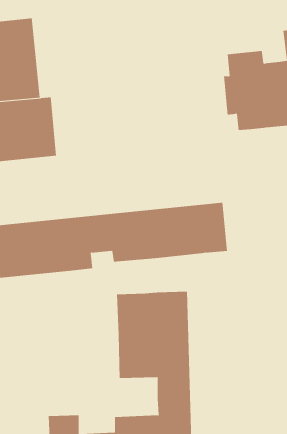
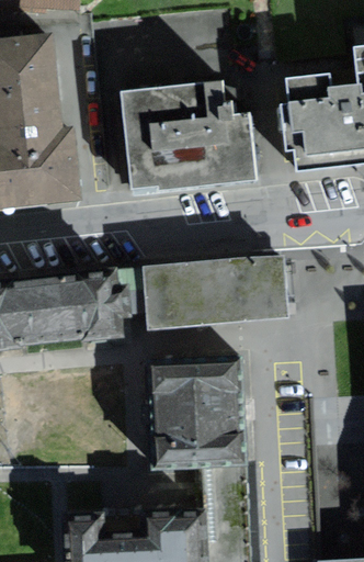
building: none -> [123,82,253,188]

